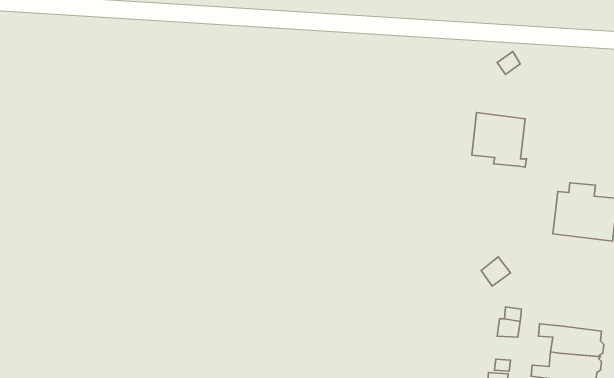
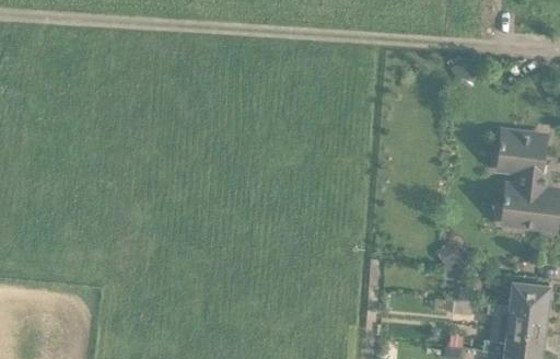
building: [472,113,526,167] -> [498,130,547,180]
building: none -> [511,281,550,310]

